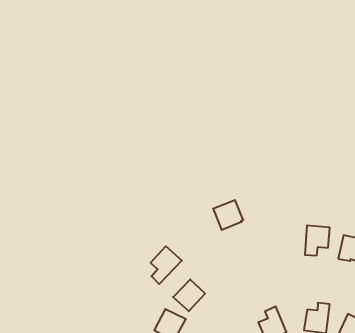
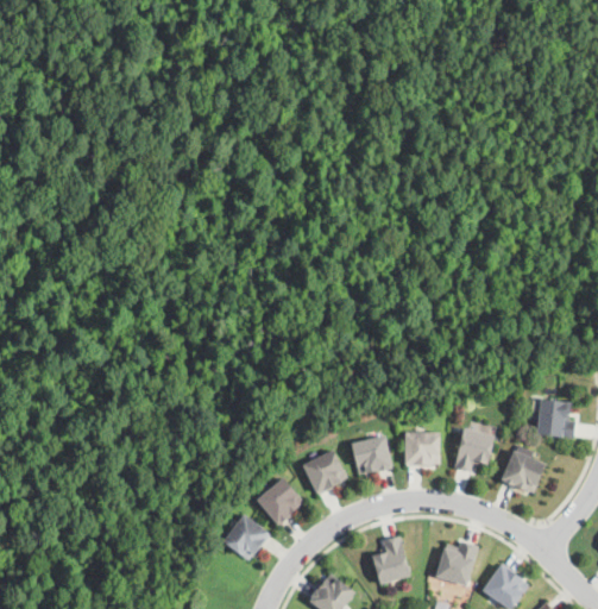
building: [213,200,243,230] -> [352,435,392,475]
building: none -> [405,432,440,465]
building: [151,246,182,284] -> none
building: none -> [302,448,348,496]

